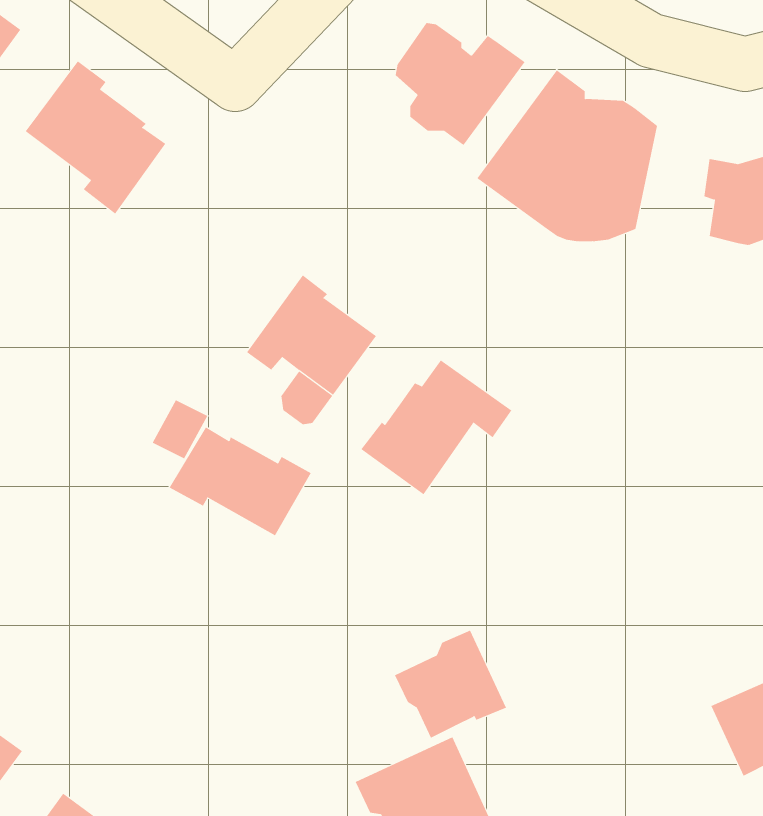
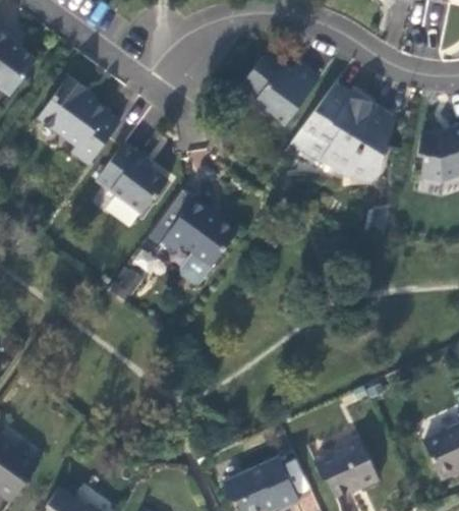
building: none -> [96,144,168,214]
building: [361,360,512,495] -> none
building: [169,426,311,536] -> none
building: [394,630,507,738] -> [314,436,378,497]

